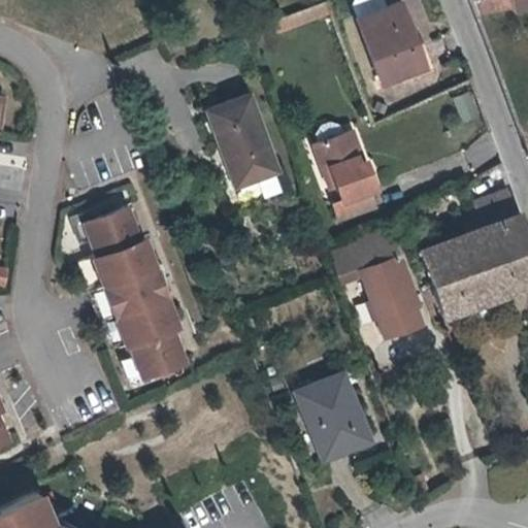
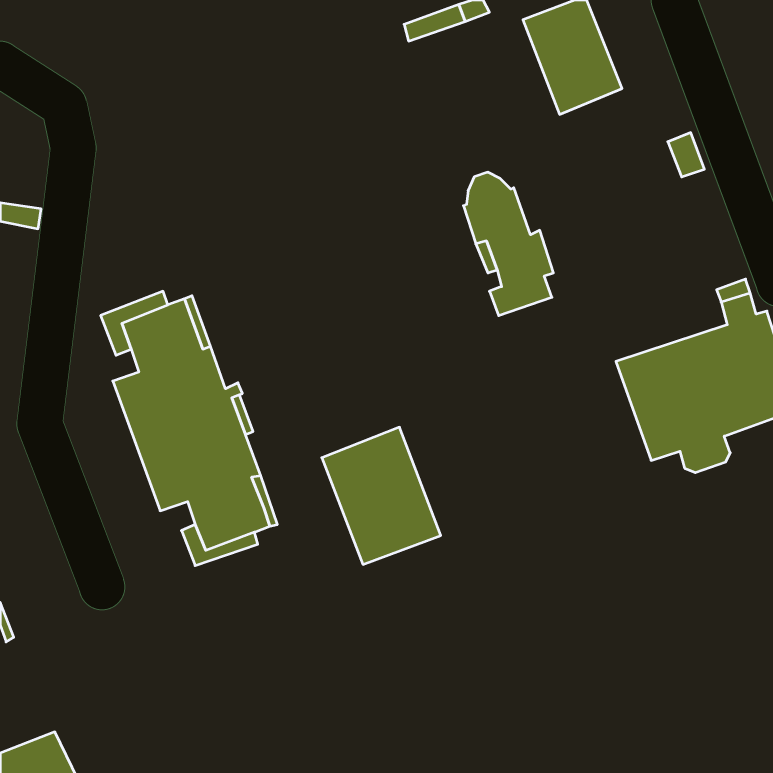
building: [212,95,279,185] -> none
building: [362,240,421,337] -> none
building: [294,373,374,466] -> [322,427,441,564]

